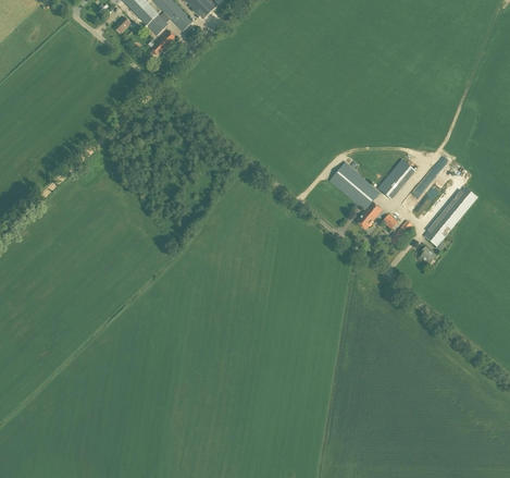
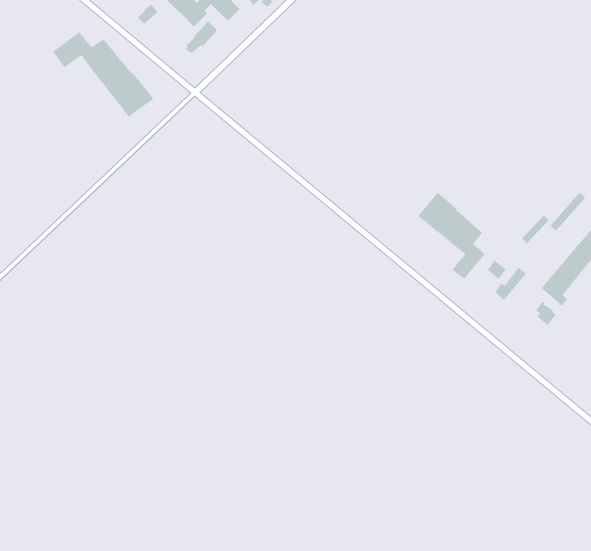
building: none -> [52,32,154,117]
building: [376,159,414,199] -> none

